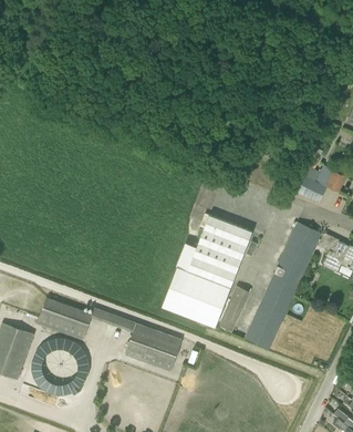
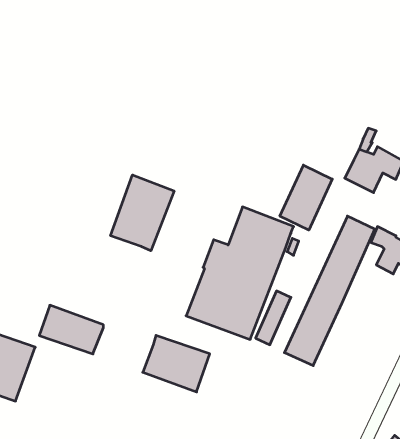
building: none -> [280,165,332,230]
building: none -> [111,175,174,251]
building: [28,335,93,400] -> none

